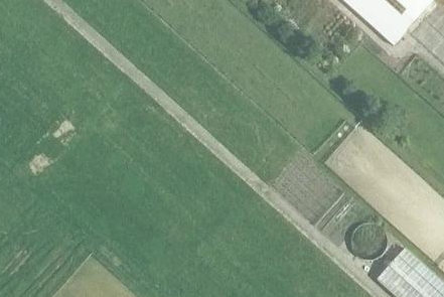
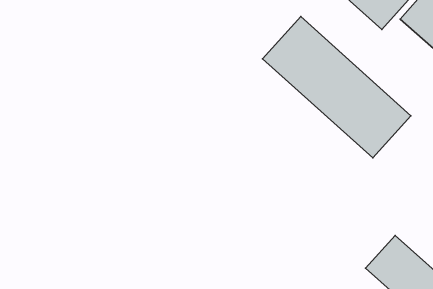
building: none -> [263,17,411,158]

